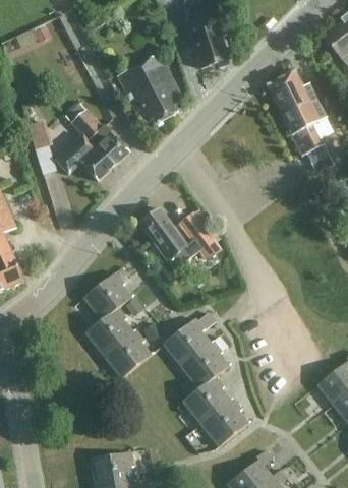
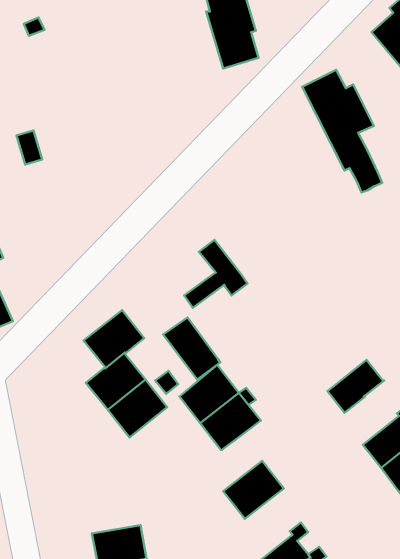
building: [116,53,185,124] -> none
building: [56,110,129,180] -> none
building: [138,207,186,259] -> [163,317,220,379]
building: none -> [327,360,384,413]
building: [182,376,232,423] -> none

